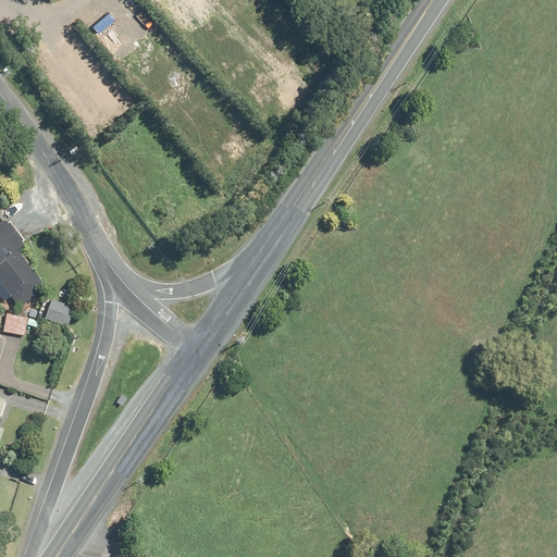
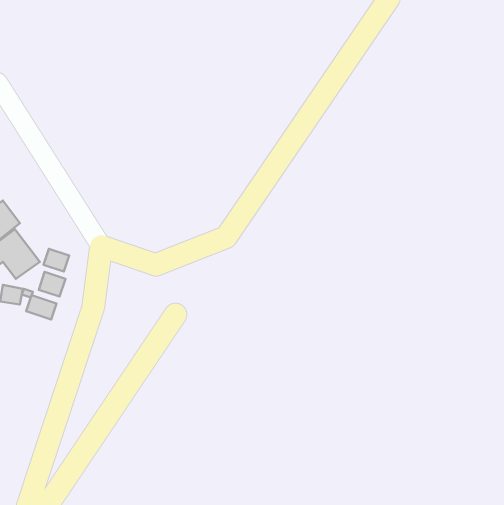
building: none -> [44,249,69,272]
building: none -> [26,295,57,319]

